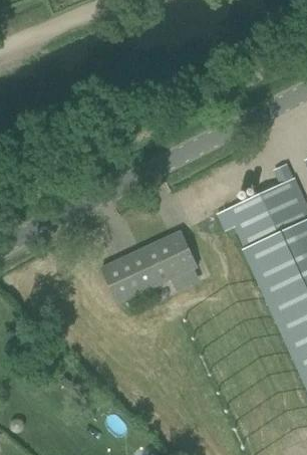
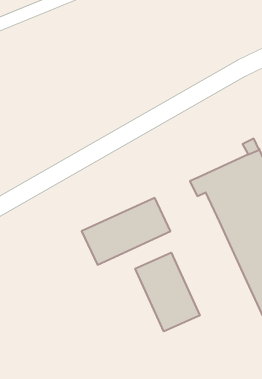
building: none -> [135,253,200,331]

